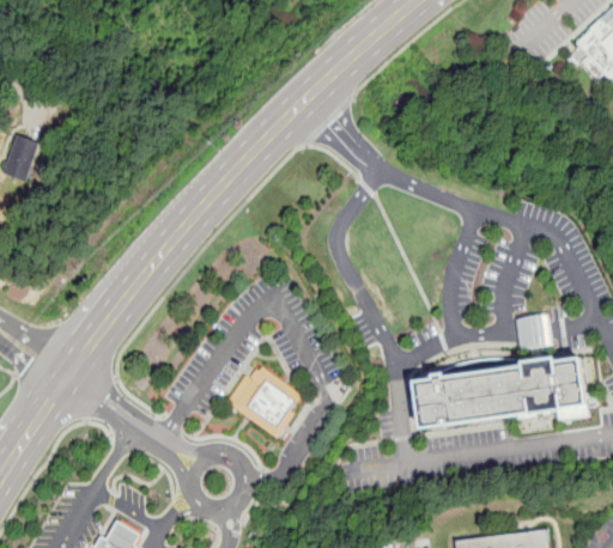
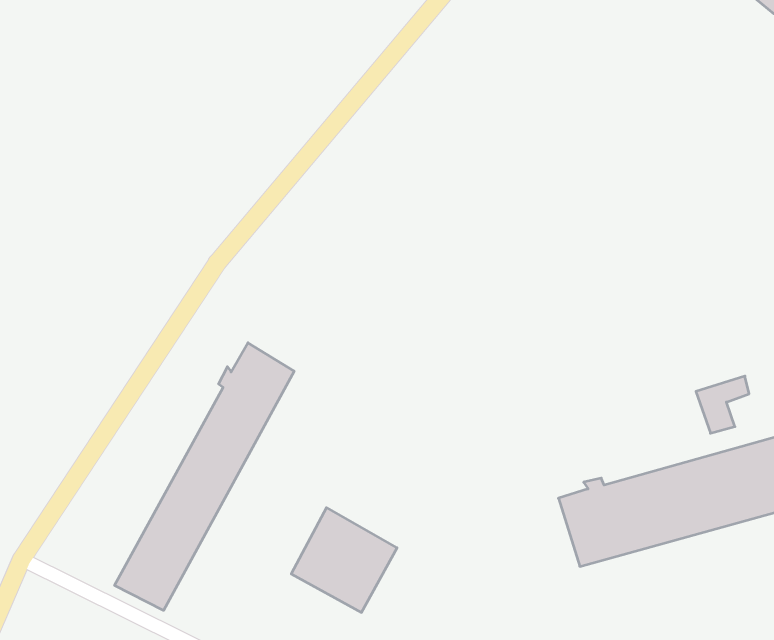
building: none -> [115,343,294,610]

